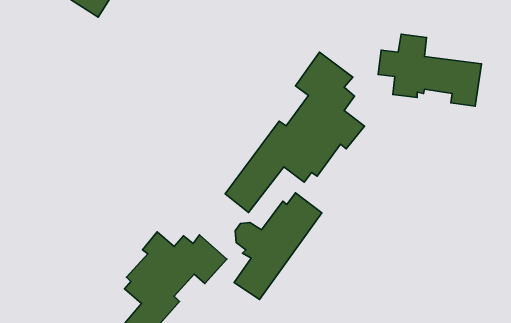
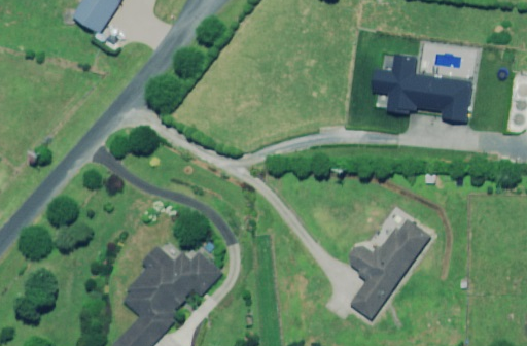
building: [225,52,364,212] -> none
building: [234,193,322,300] -> [348,215,433,319]

